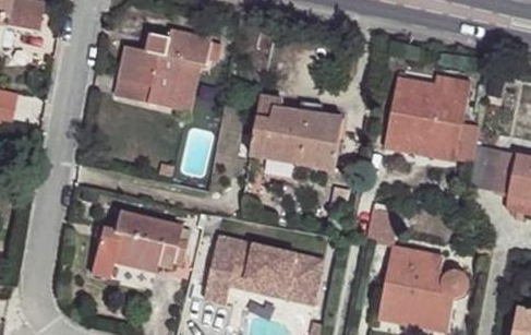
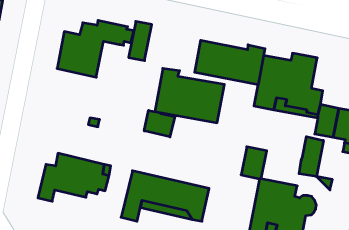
building: none -> [195,40,265,85]
building: [170,58,202,111] -> [129,21,152,61]
building: none -> [144,110,175,137]
building: none -> [299,137,323,177]

